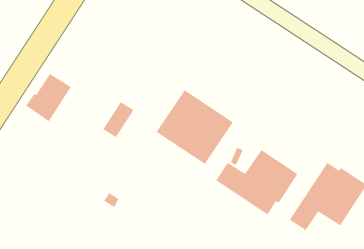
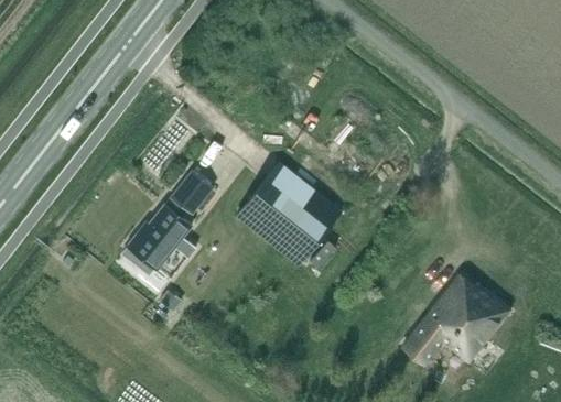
building: [25,73,72,122] -> [129,206,193,271]
building: [215,149,299,215] -> none

